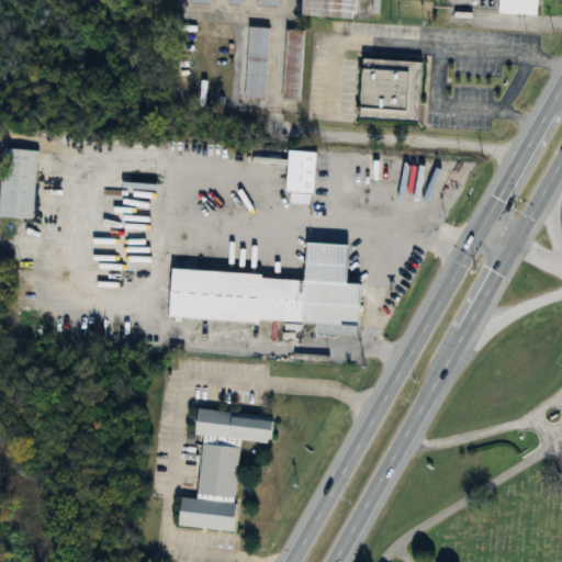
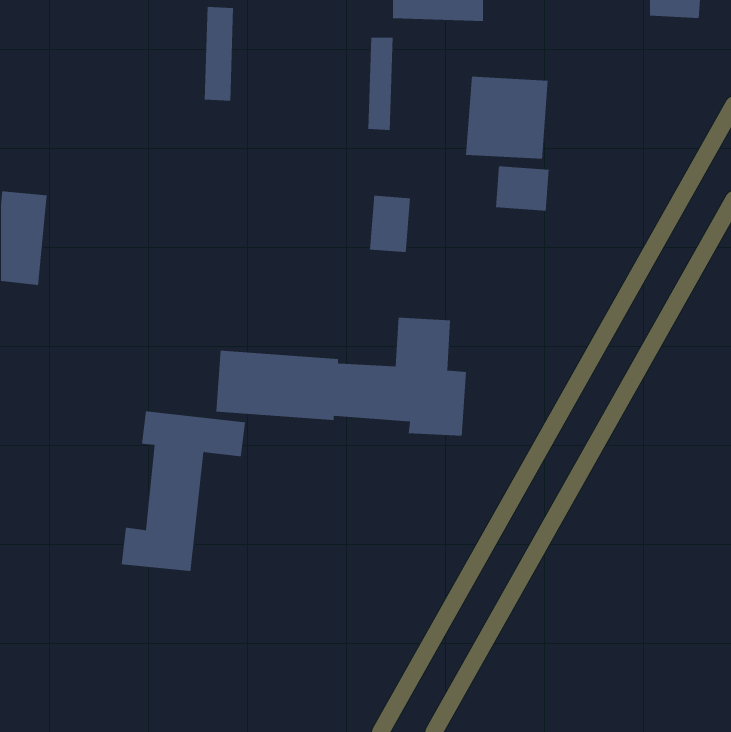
building: [246,25,269,98] -> [204,6,234,101]
building: none -> [495,166,549,212]
building: [178,407,273,530] -> [121,411,246,572]

